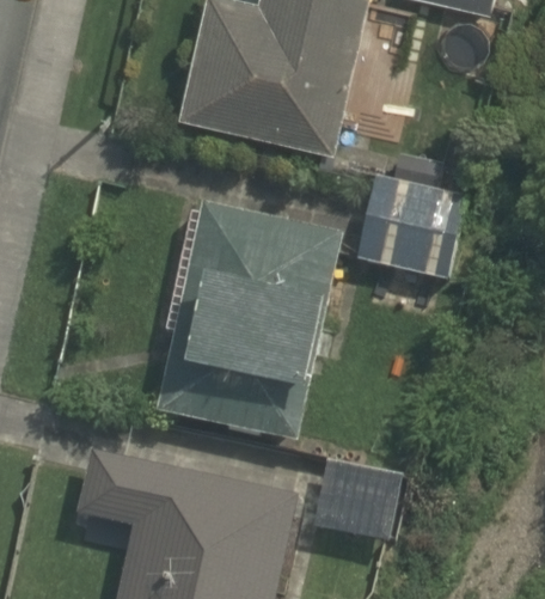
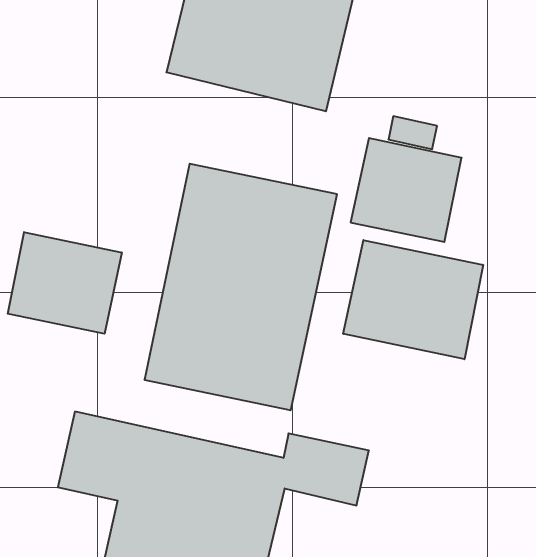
building: none -> [8,232,122,334]
building: none -> [343,240,483,359]

